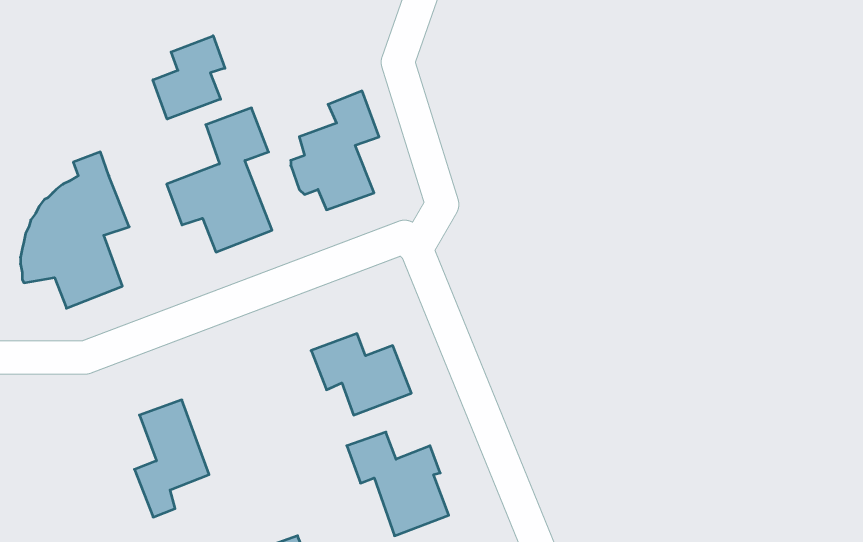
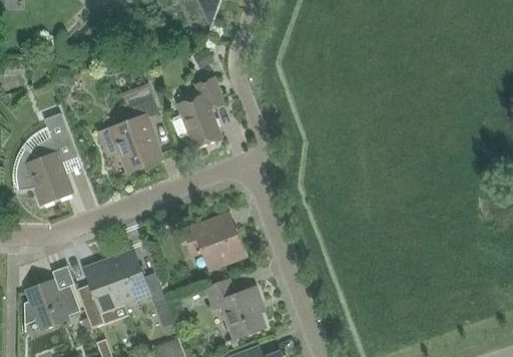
building: [153,36,225,119] -> none
building: none -> [108,249,174,327]
building: none -> [24,279,80,330]

